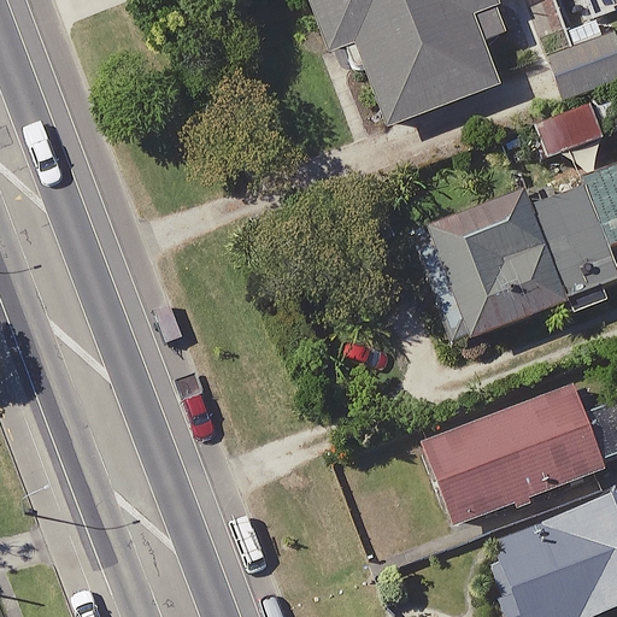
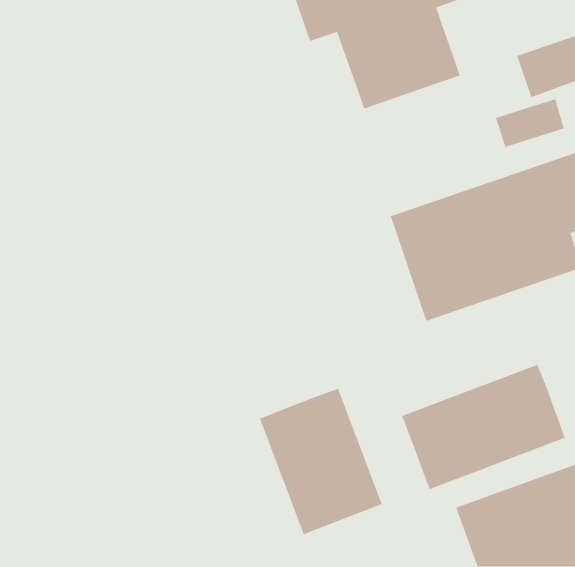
building: none -> [259,388,383,535]

